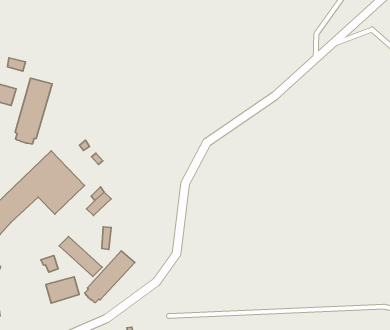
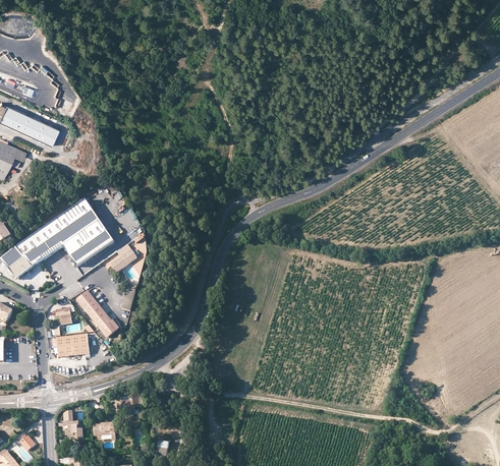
building: [15,78,52,144] -> none
building: [85,251,135,303] -> none

